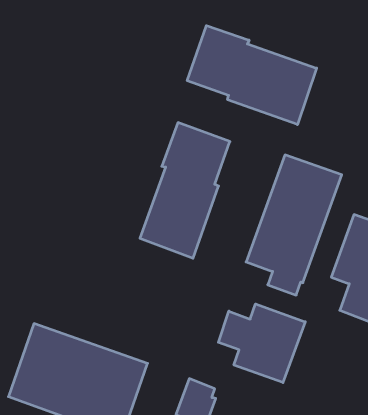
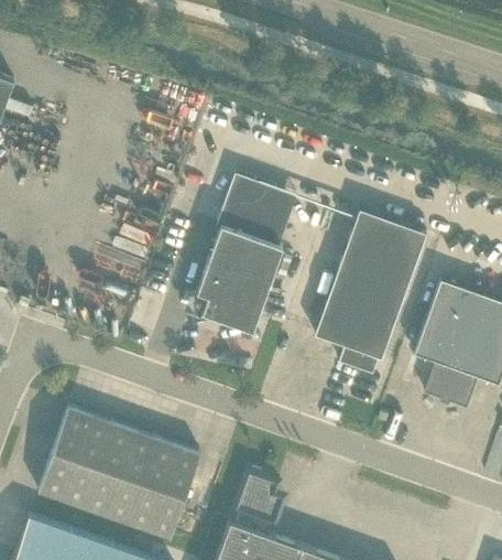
building: [187,26,317,125] -> none
building: [218,304,305,383] -> none

